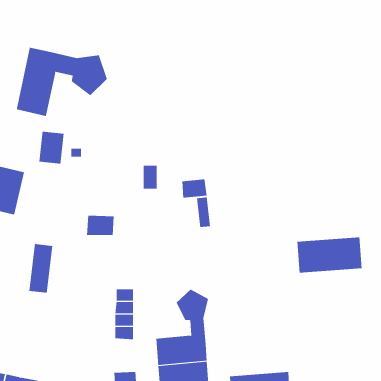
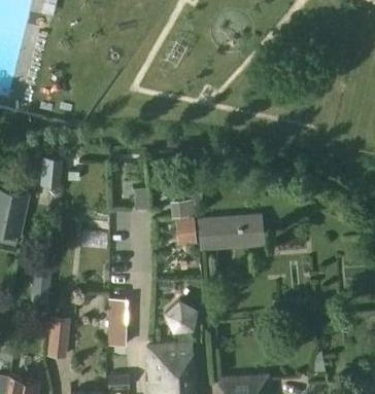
building: [16,47,108,117] -> none
building: [297,237,362,273] -> [200,216,260,249]
building: none -> [46,316,69,356]

